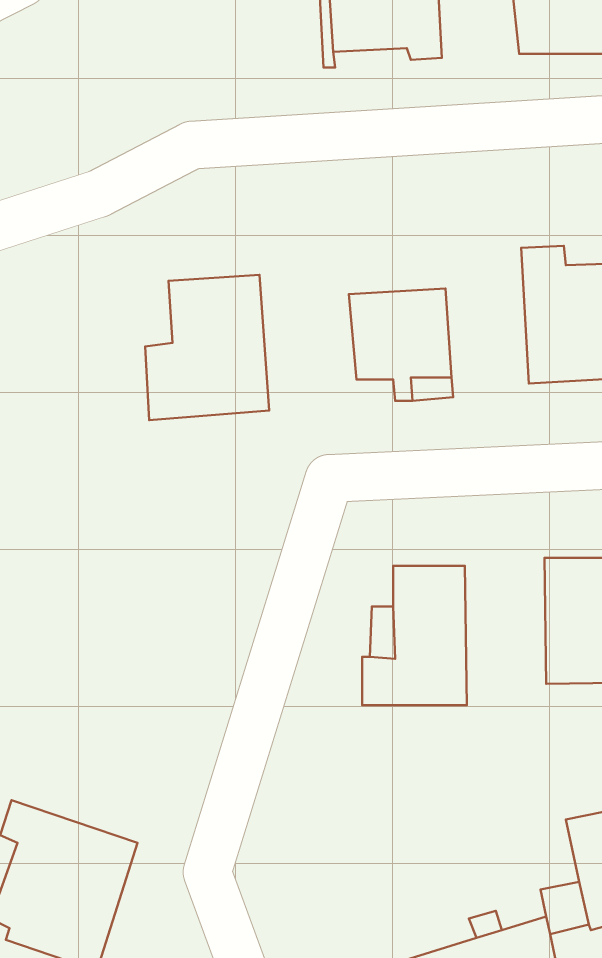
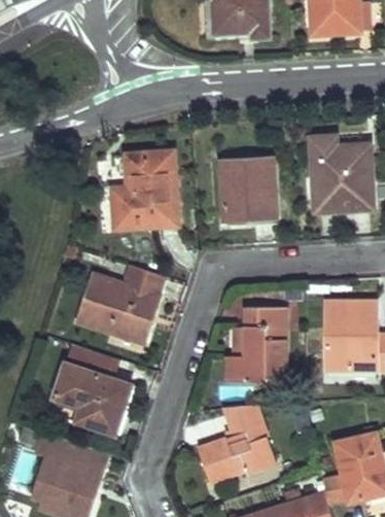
building: none -> [79,266,163,342]
building: none -> [55,344,128,434]
building: none -> [197,404,276,482]

